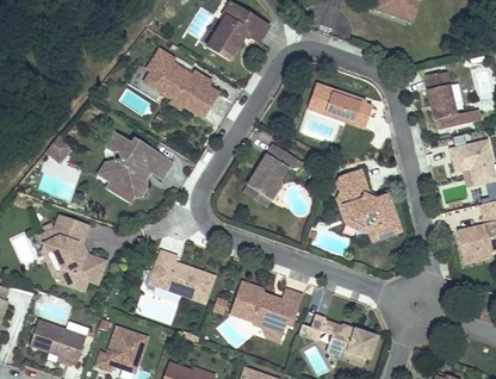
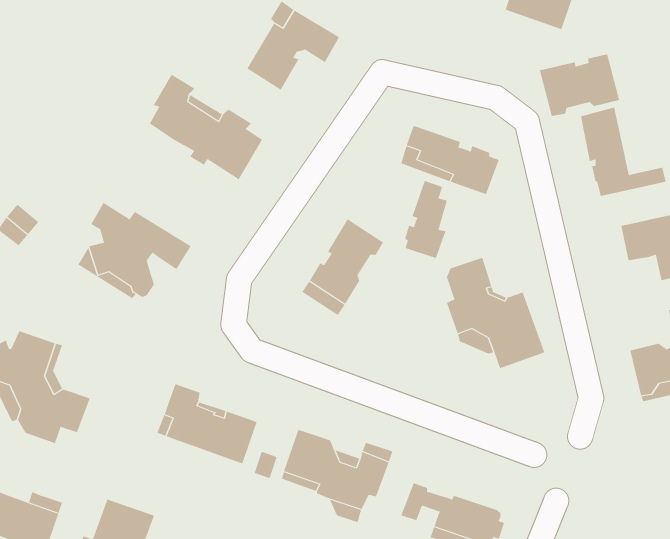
building: none -> [539,54,620,117]
building: none -> [404,180,448,259]
building: [137,284,180,322] -> none

